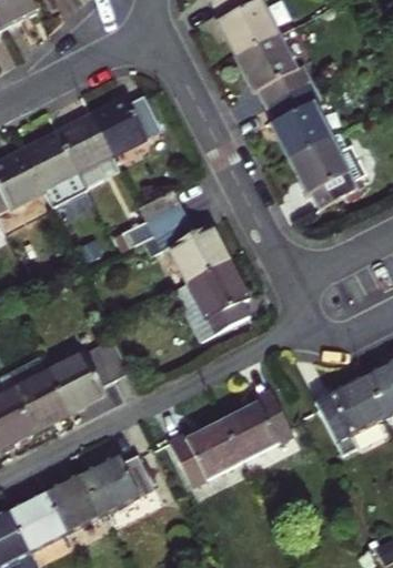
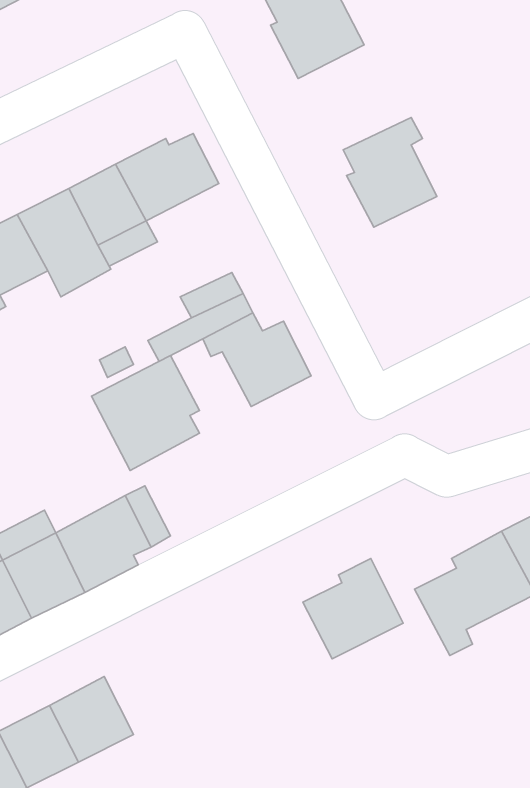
building: [225,34,303,106] -> none
building: [278,131,355,212] -> none
building: [180,262,254,341] -> [91,356,200,470]
building: [175,417,249,481] -> none
building: [92,447,167,508] -> none

